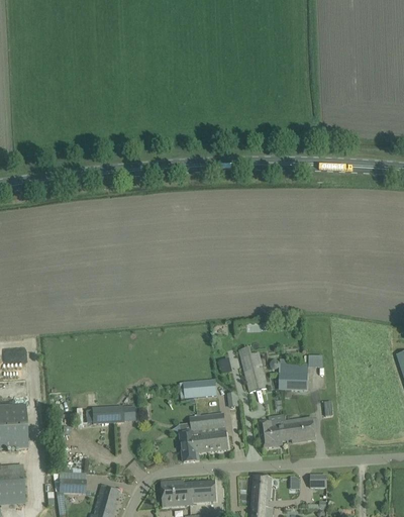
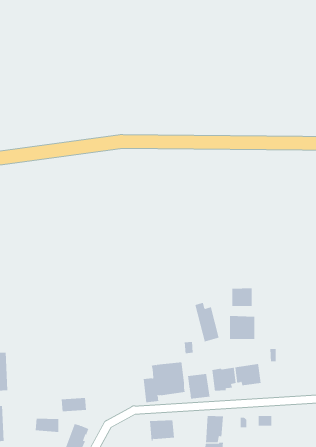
building: none -> [232,288,252,307]
building: [184,378,215,396] -> none
building: [93,405,122,421] -> [61,398,87,412]
building: none -> [188,373,210,400]
building: [161,479,190,506] -> none

